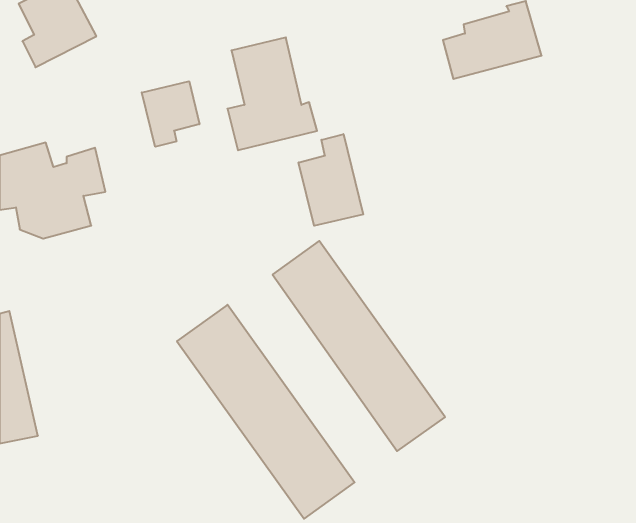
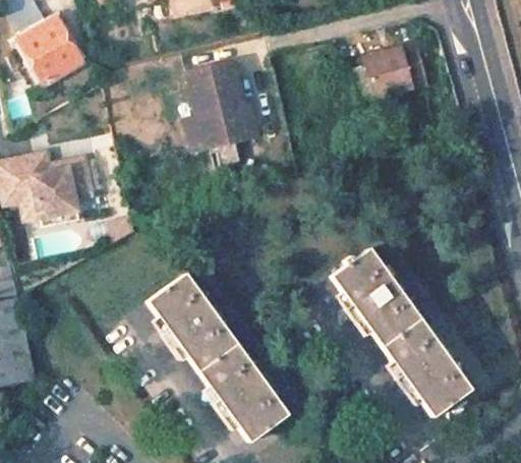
building: [142,81,199,147] -> none
building: [299,134,363,226] -> none
building: [273,241,445,451] -> [332,249,467,414]

